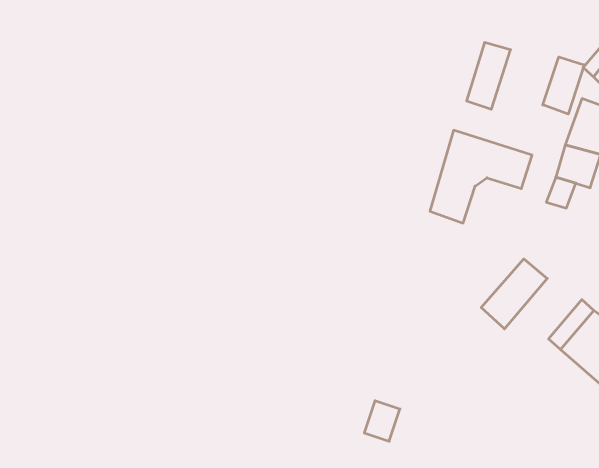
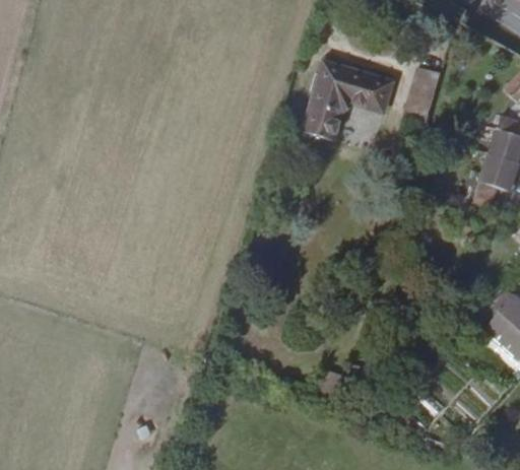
building: [543,57,584,114] -> none
building: [430,130,532,223] -> [305,61,392,140]
building: [481,259,547,329] -> none

